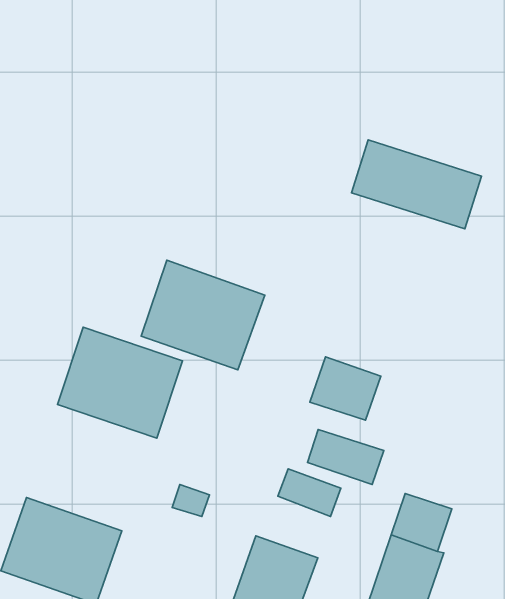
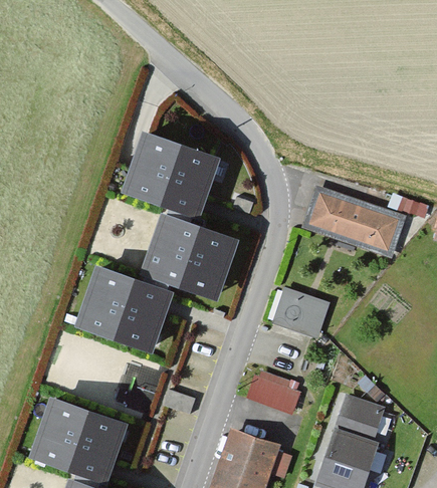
building: [351,140,481,229] -> [303,186,405,255]
building: none -> [123,133,220,218]
building: [308,429,384,485] -> none

